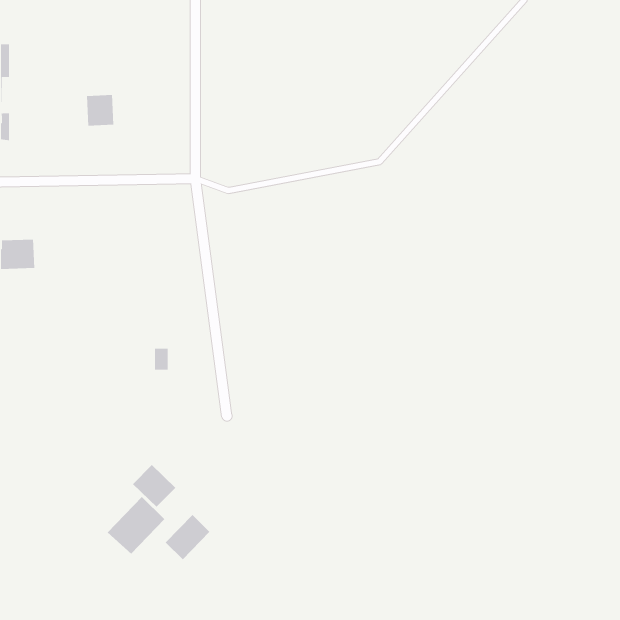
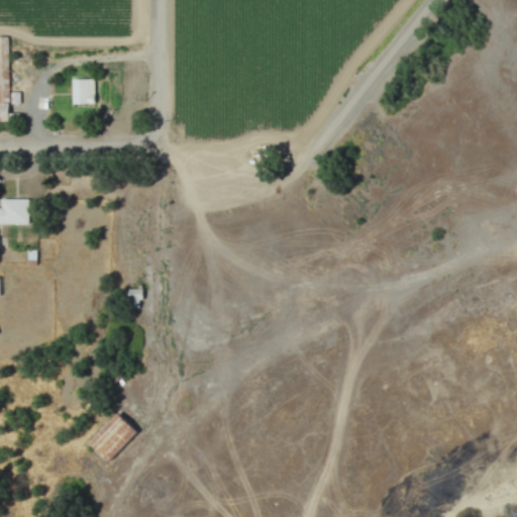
building: [132,464,176,508] -> none
building: [165,514,210,560] -> none

